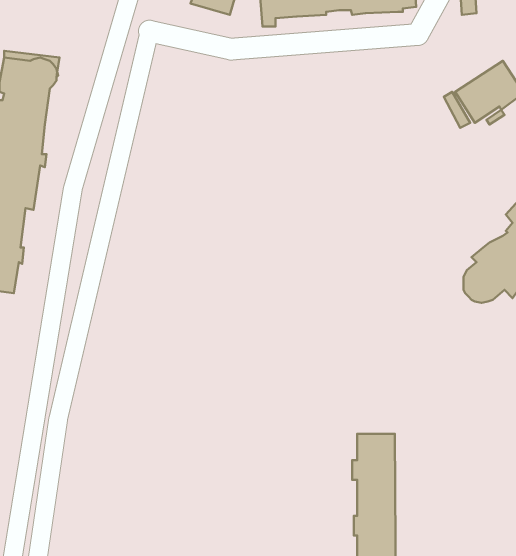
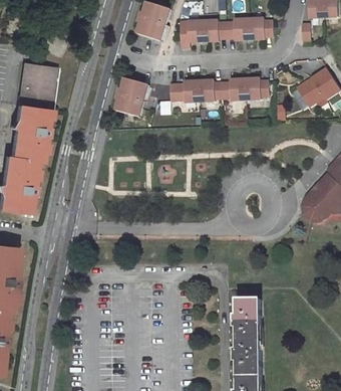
building: none -> [117,78,149,118]
building: none -> [170,78,272,103]

